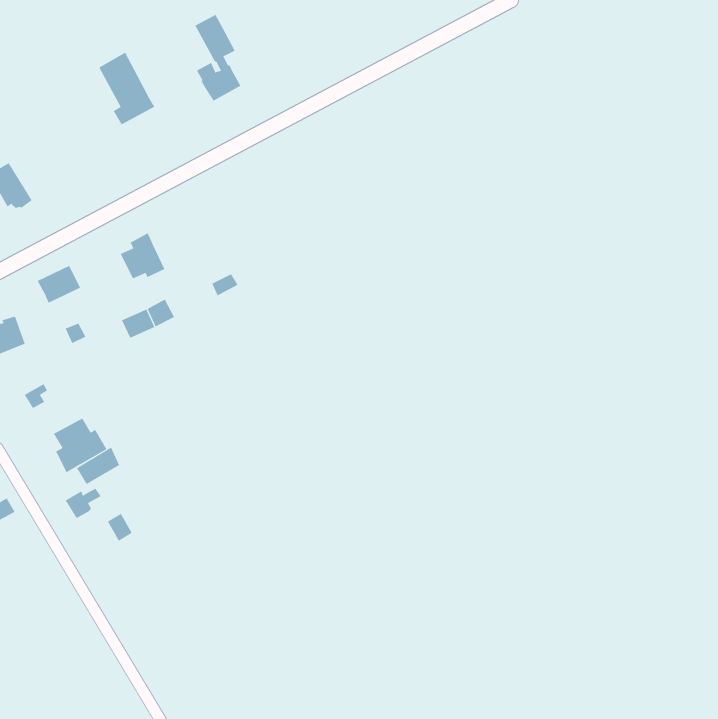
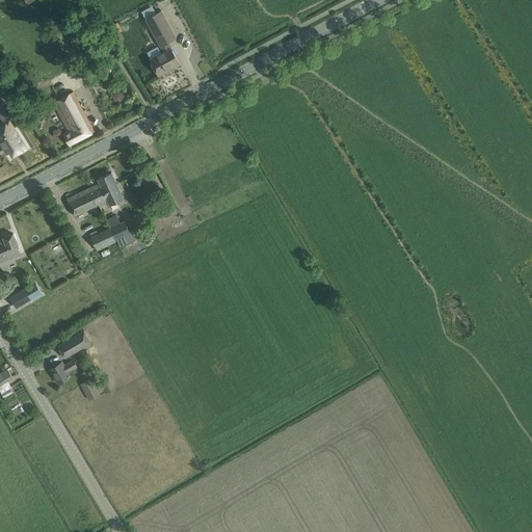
building: [99,52,155,125] -> [51,91,92,145]
building: [37,265,81,303] -> [64,188,97,216]
building: [53,418,107,473] -> none

